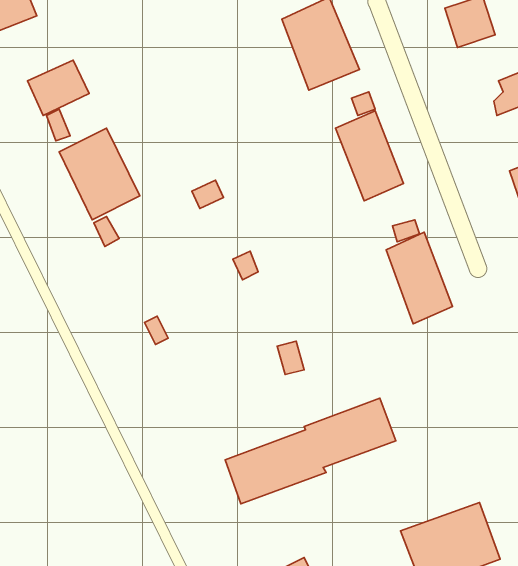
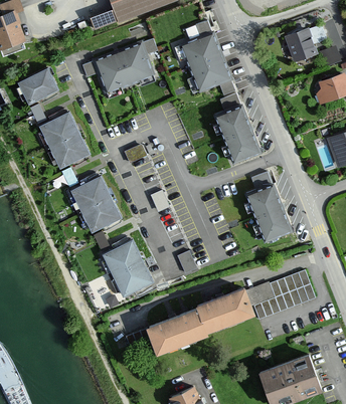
building: none -> [94,42,151,90]
building: none -> [70,177,122,235]
building: none -> [100,238,157,301]
building: none -> [248,271,314,320]

